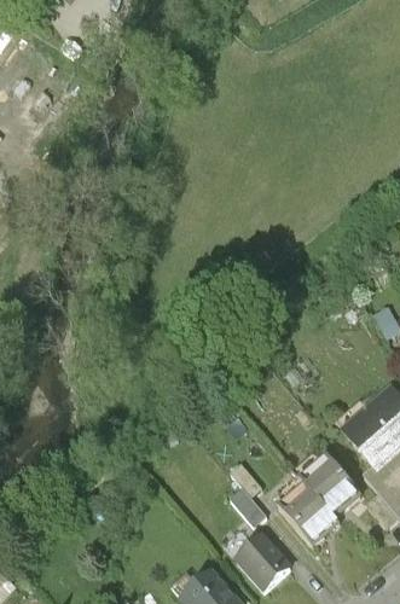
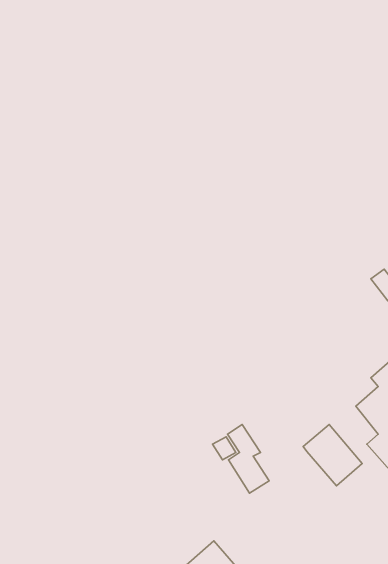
building: [278,480,337,540] -> none
building: [236,532,289,585] -> none

